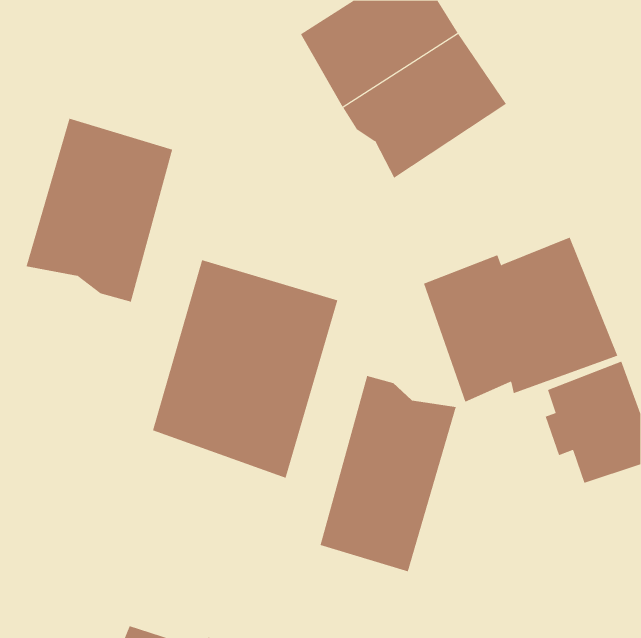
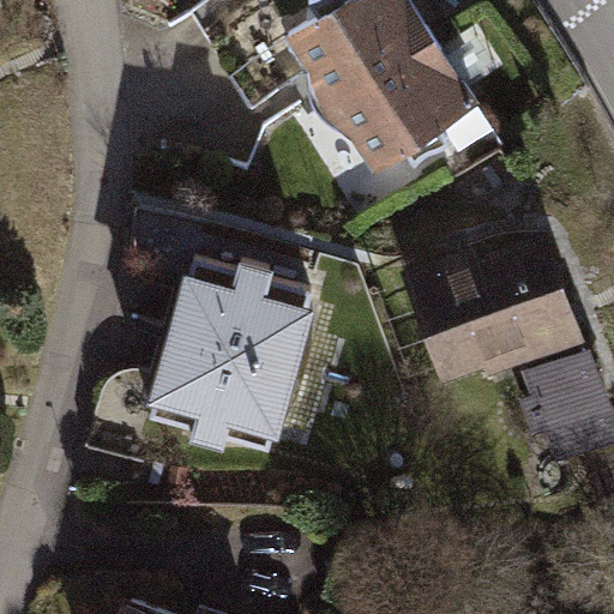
building: [26,118,173,302] -> none
building: [320,375,456,572] -> none

